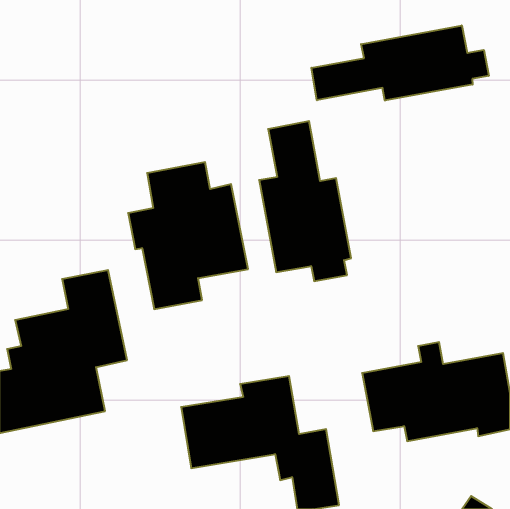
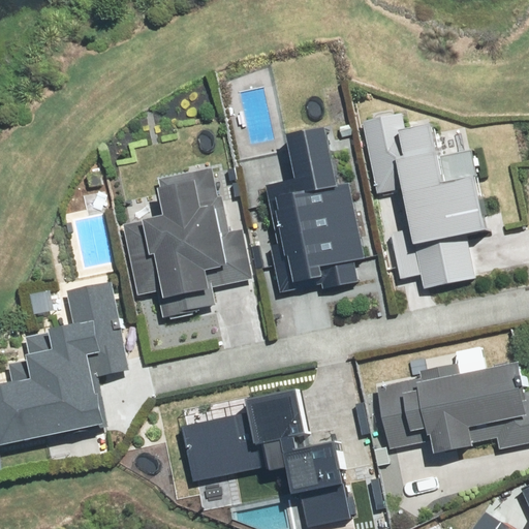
building: [311,25,489,101] -> none
building: none -> [359,111,493,287]

